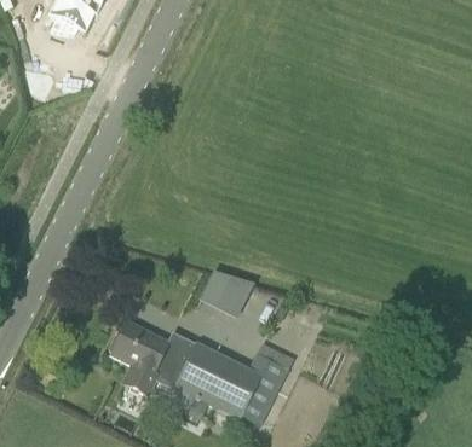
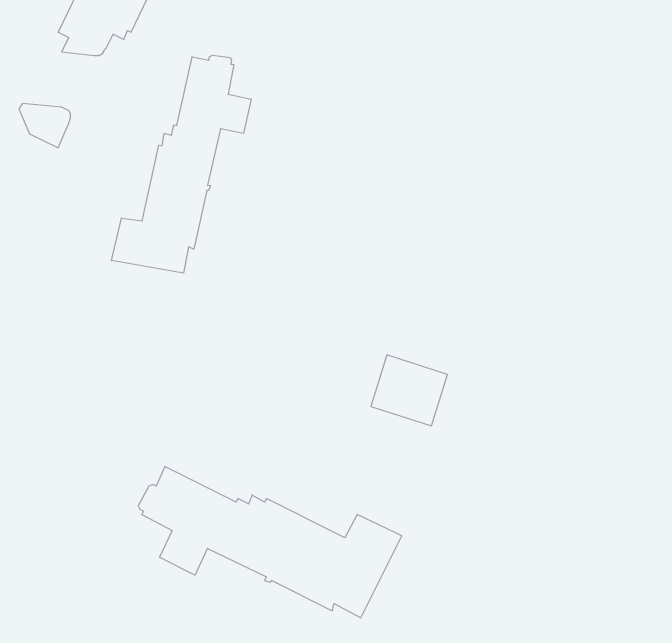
building: none -> [111,55,251,273]
building: [205,266,257,314] -> [371,355,447,426]

